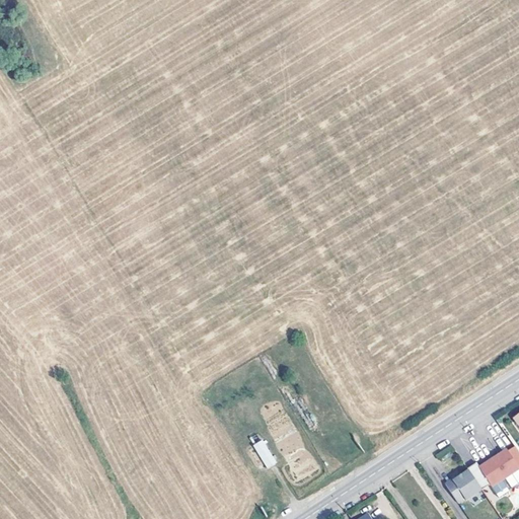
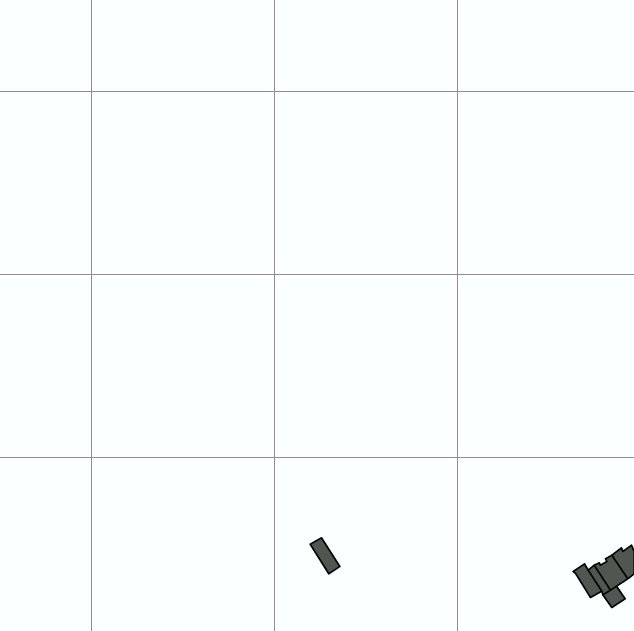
building: [446,468,483,500] -> none

